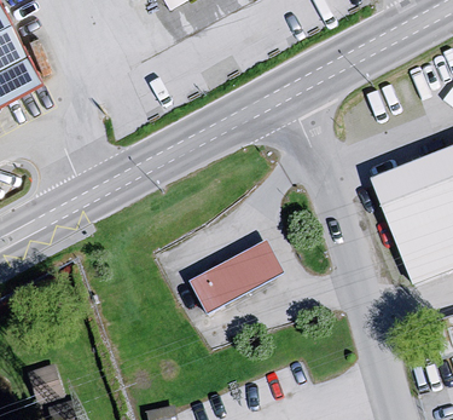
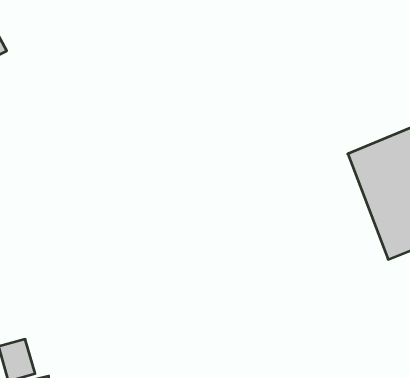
building: [191,240,285,313] -> none

